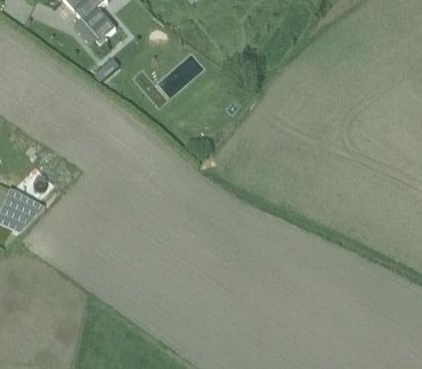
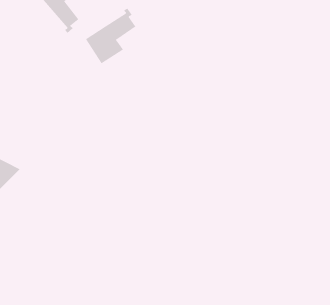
building: none -> [85,8,136,64]

